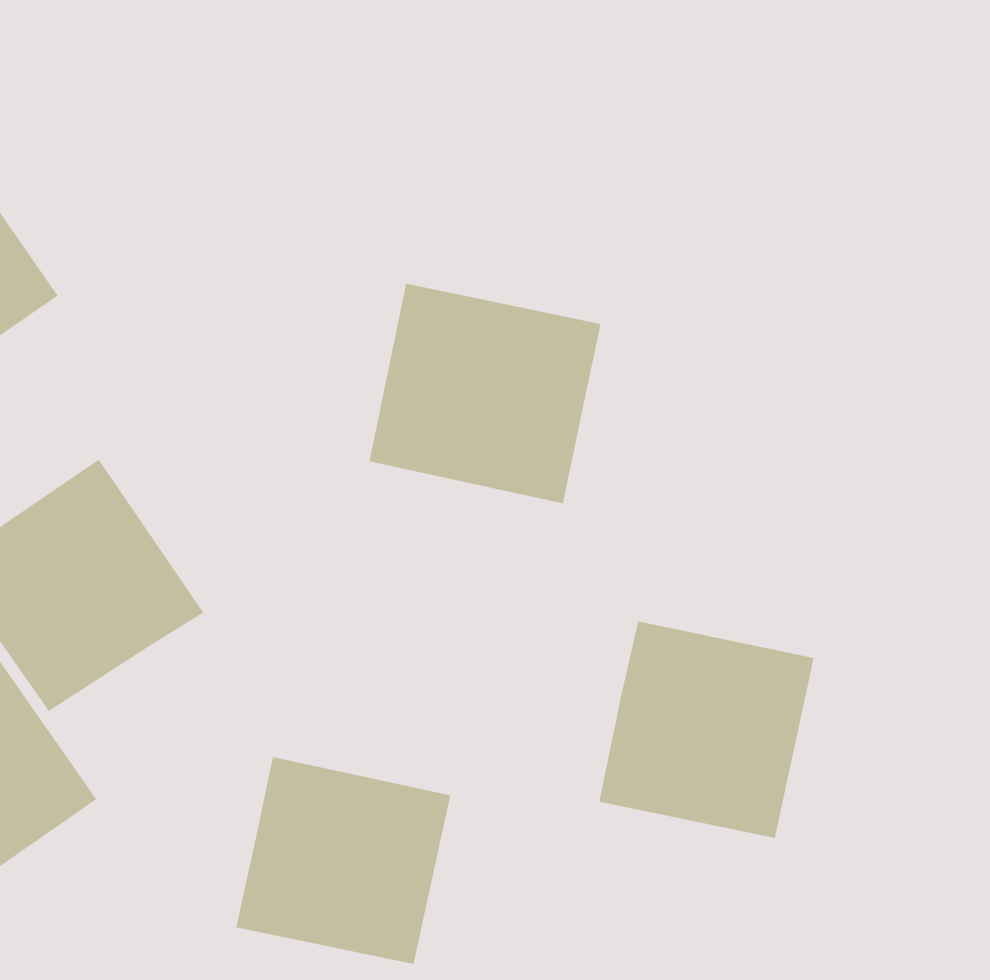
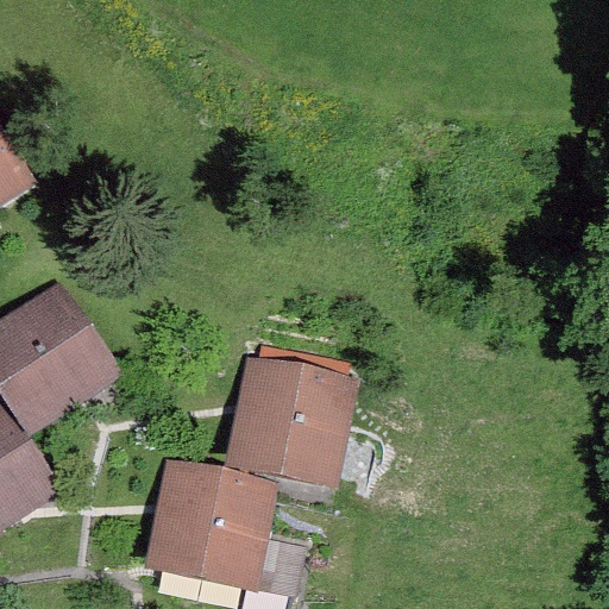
building: [369,283,601,504] -> none
building: [599,621,815,839] -> [227,354,359,488]

